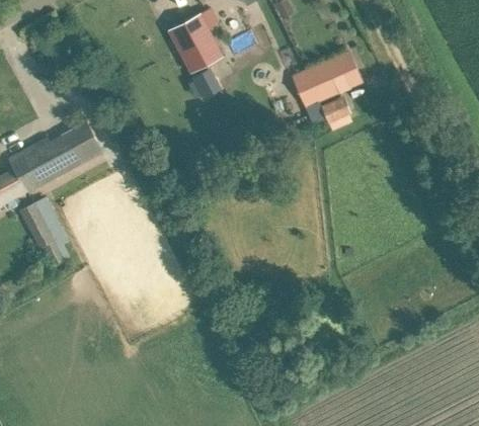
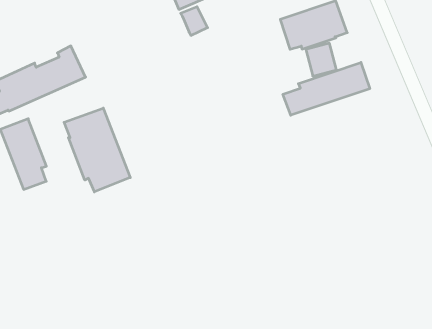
building: none -> [283,62,370,115]
building: none -> [64,108,130,192]

